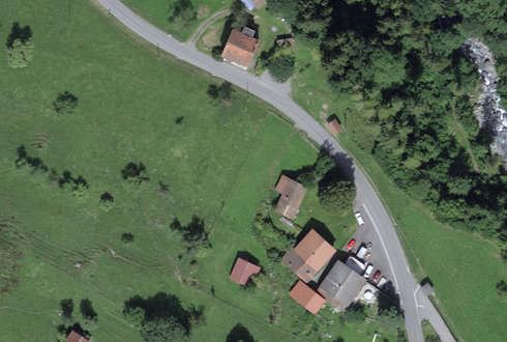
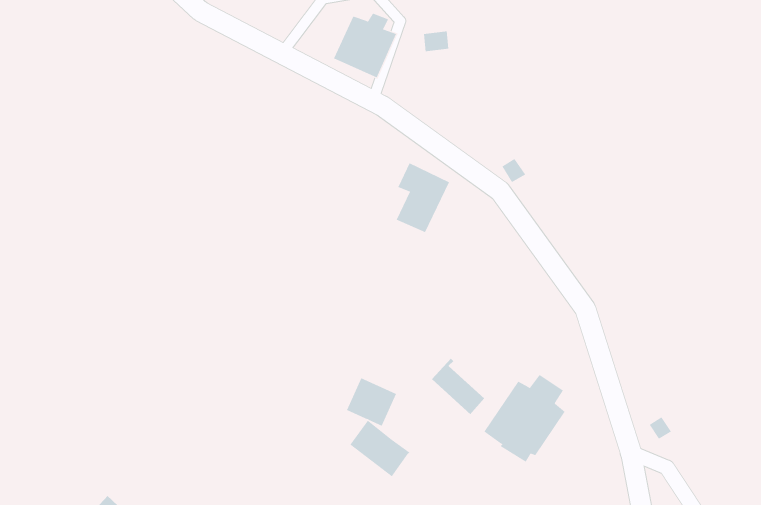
building: [274,174,308,219] -> [396,163,450,233]
building: [294,229,335,270] -> none
building: [289,279,327,315] -> [350,420,410,477]

